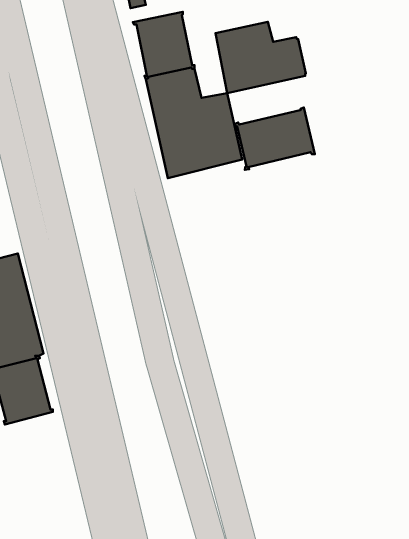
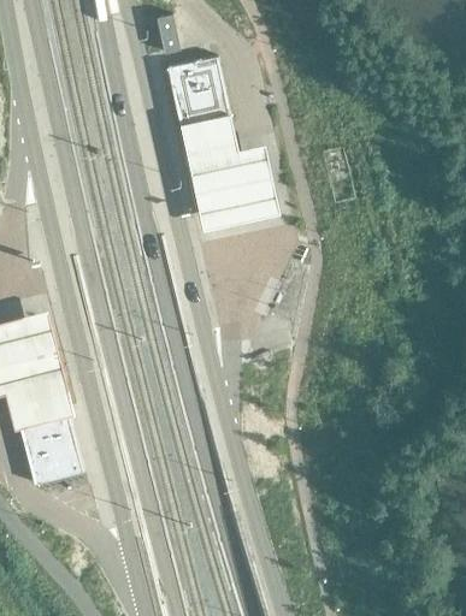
building: [215,22,306,93] -> none
building: [234,107,315,170] -> none

